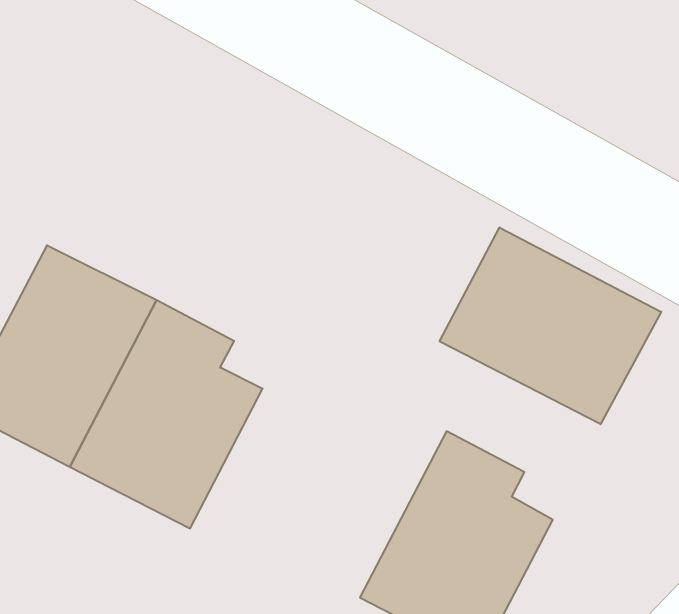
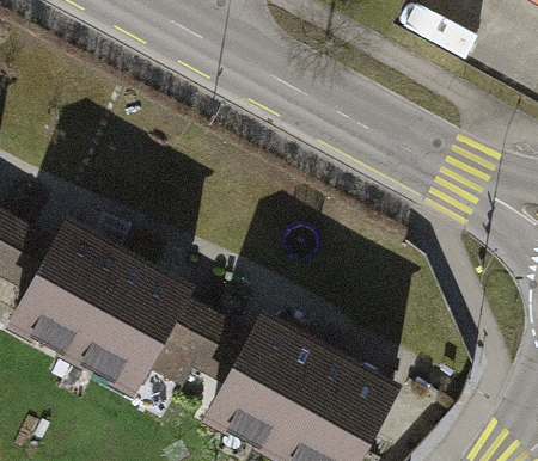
building: [440,227,661,424] -> none
building: none -> [197,297,329,448]

